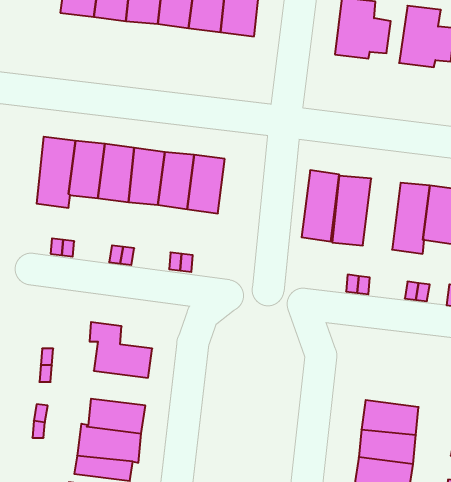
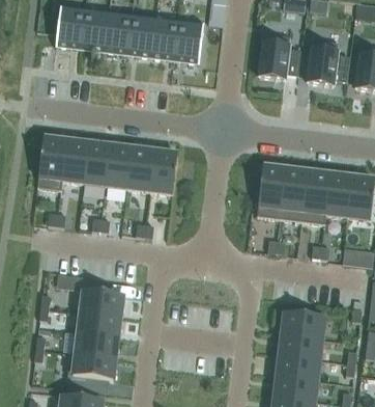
building: [302,170,339,241] -> [281,168,309,221]
building: none -> [79,311,121,337]
building: none -> [283,311,325,338]

